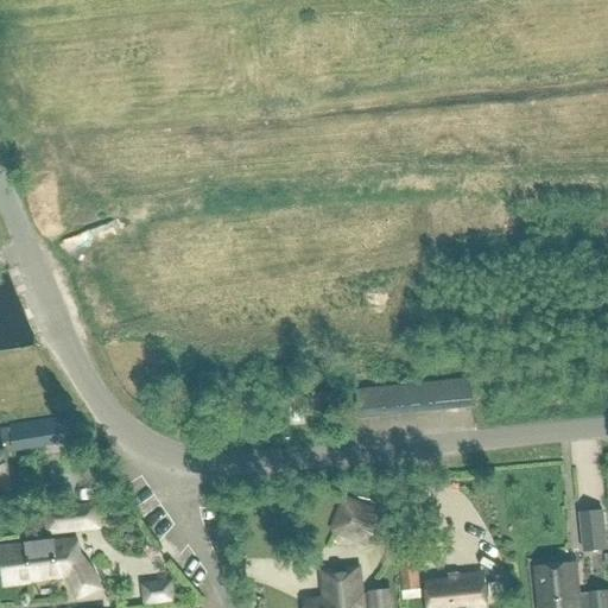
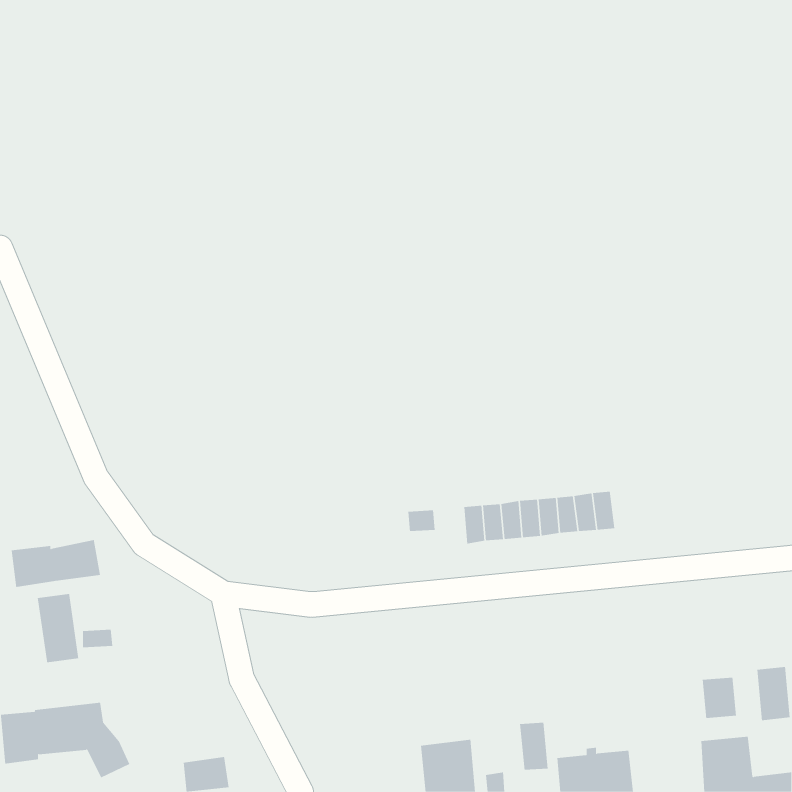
building: none -> [37,593,79,663]
building: [331,500,379,545] -> none
building: none -> [702,677,736,719]

